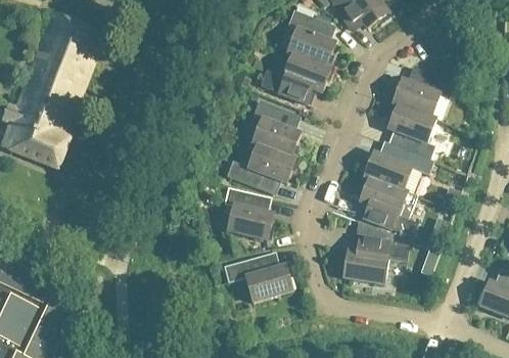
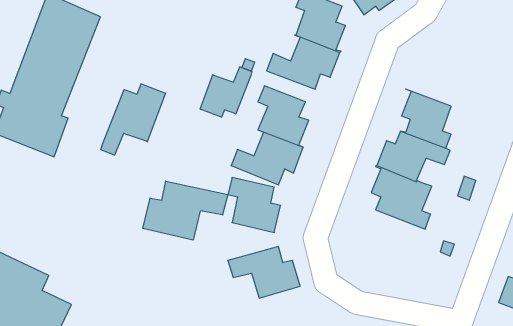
building: [391,68,454,120] -> none
building: none -> [200,67,252,117]
building: none -> [101,84,166,155]
building: none -> [143,181,228,240]
building: [343,237,409,284] -> none

